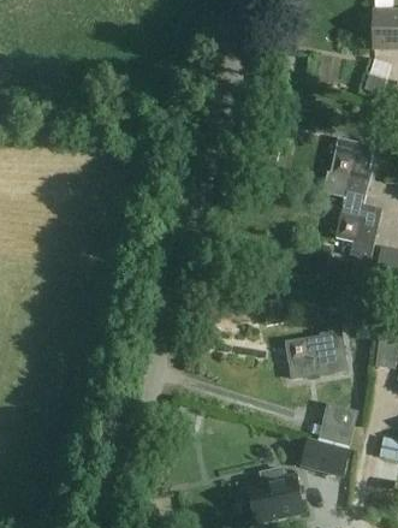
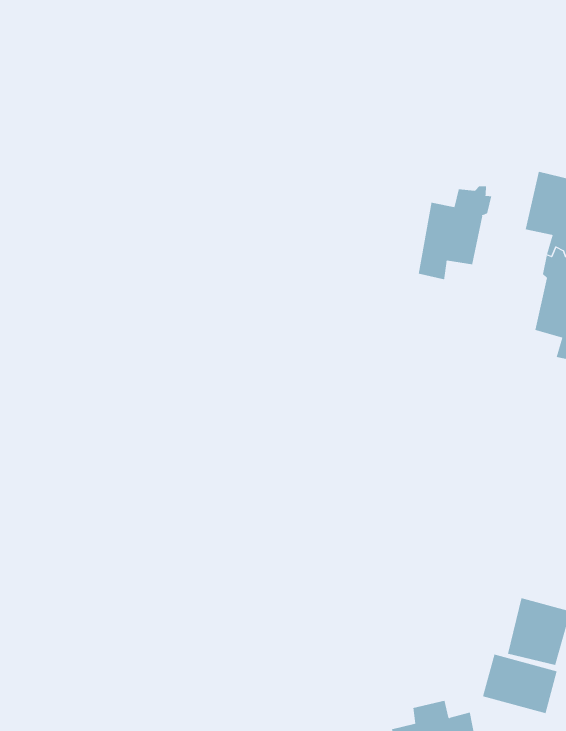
building: none -> [418,185,492,280]
building: [285,333,349,378] -> none

